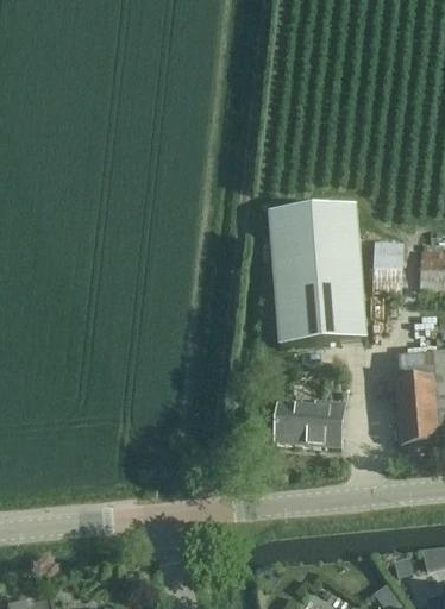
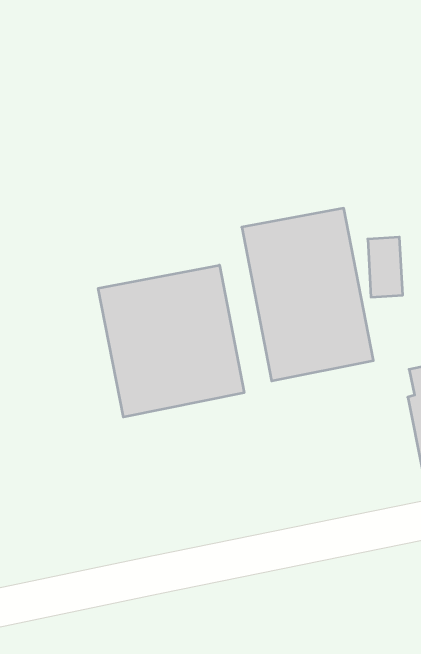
building: none -> [98,265,244,417]
building: [274,396,341,444] -> none

